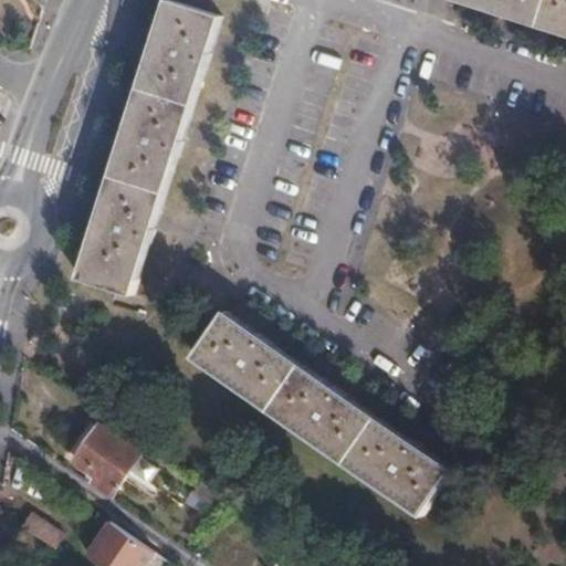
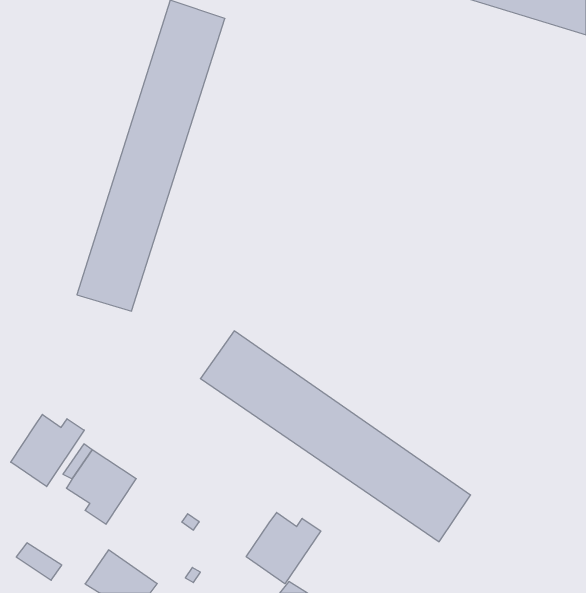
building: none -> [11,414,84,487]
building: none -> [246,512,321,584]

